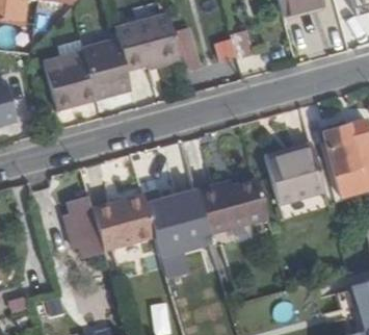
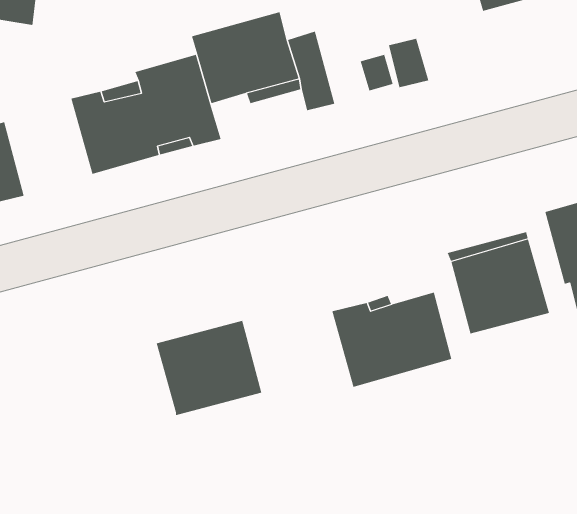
building: [147,189,211,257] -> none
building: [65,197,105,254] -> none

